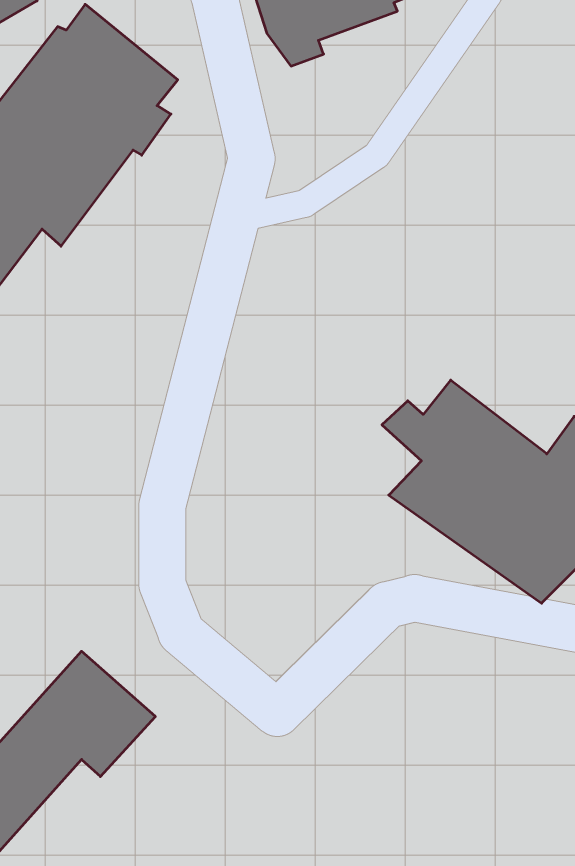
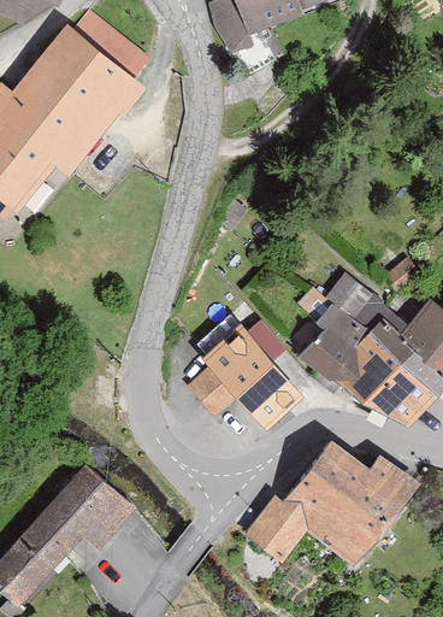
building: none -> [172,317,302,419]
building: none -> [246,442,423,565]

